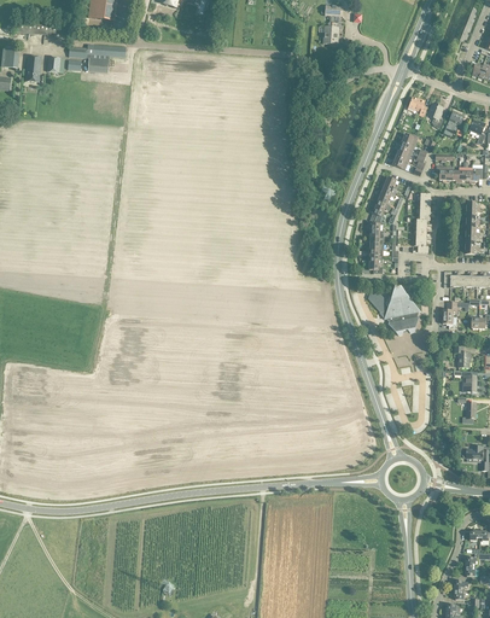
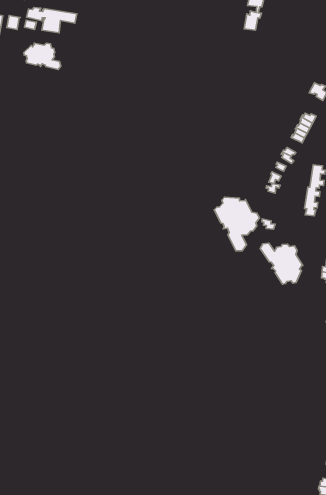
building: none -> [24,43,61,69]
building: none -> [214,197,260,251]

